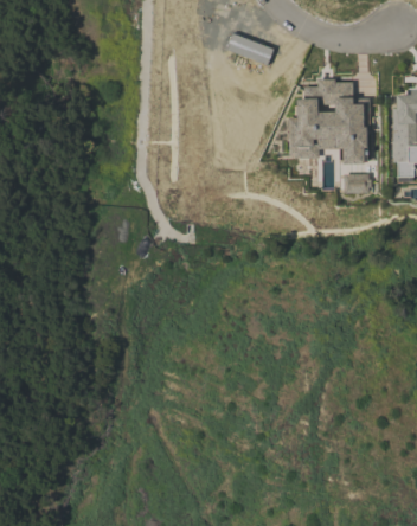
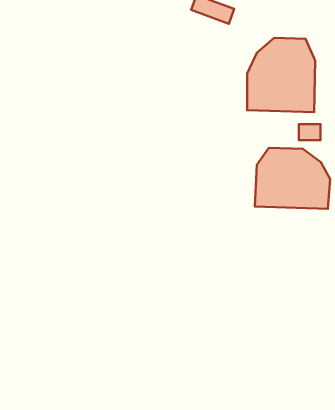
building: none -> [255,148,330,209]

